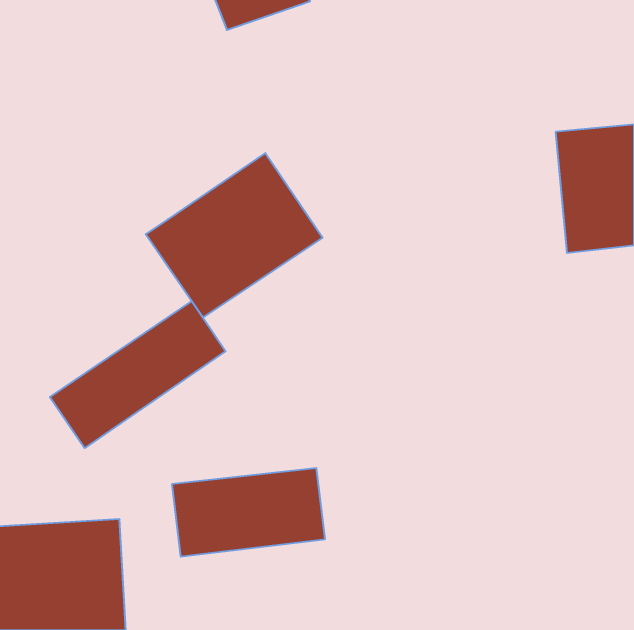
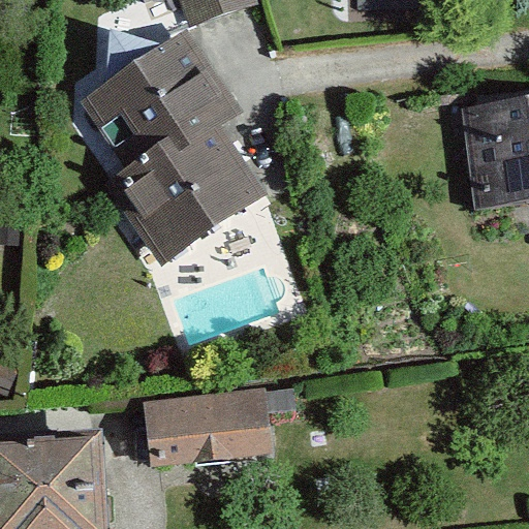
building: none -> [84,32,241,182]
building: [50,301,226,448] -> none

